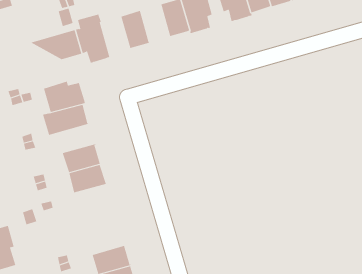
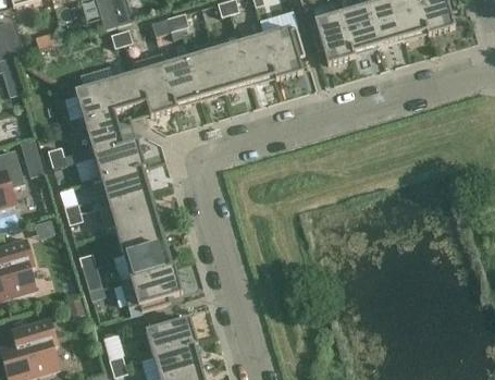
building: none -> [213,40,250,91]
building: none -> [163,56,200,107]
building: none -> [75,88,122,146]
building: none -> [98,189,158,231]
building: none -> [120,263,182,309]
building: none -> [145,312,197,354]

